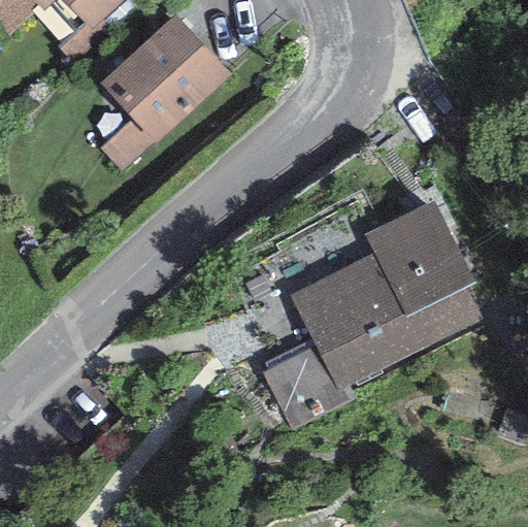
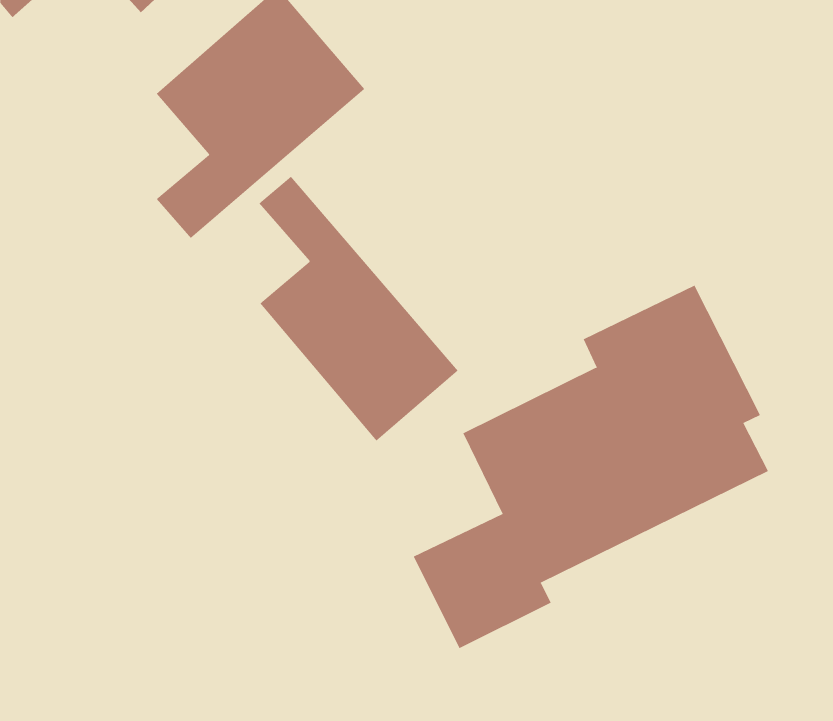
building: none -> [258,176,459,442]

